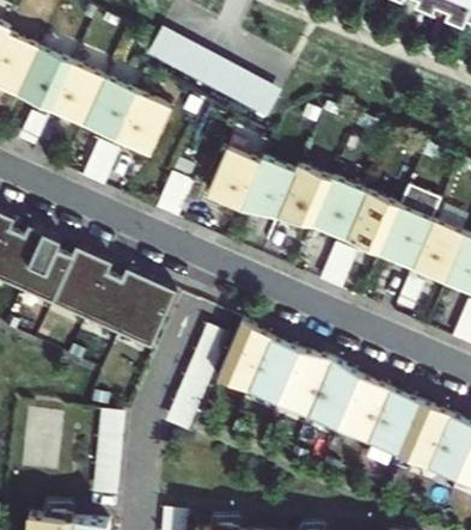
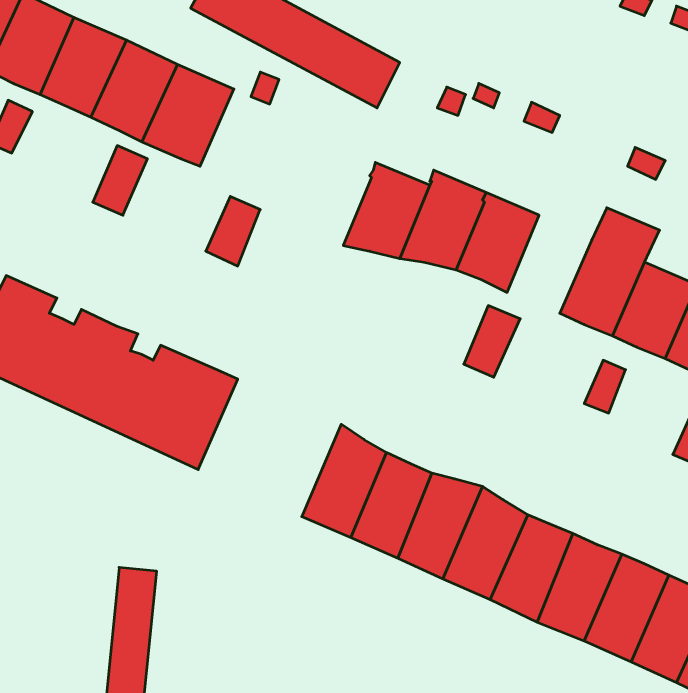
building: [210,146,262,207] -> none
building: [347,188,400,250] -> none
building: [167,327,228,428] -> none

